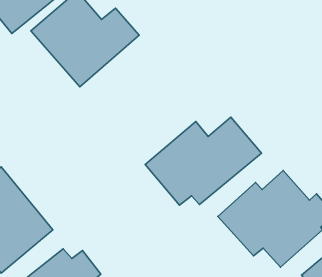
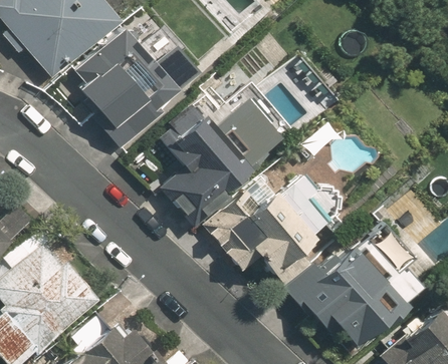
building: none -> [160,93,286,219]

